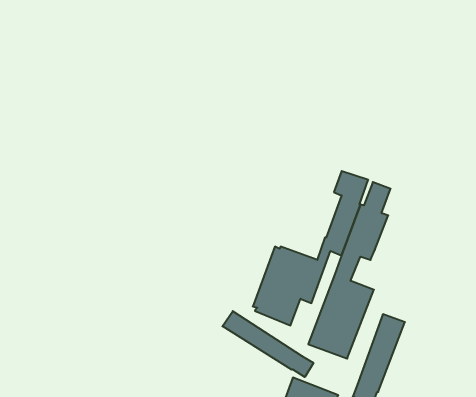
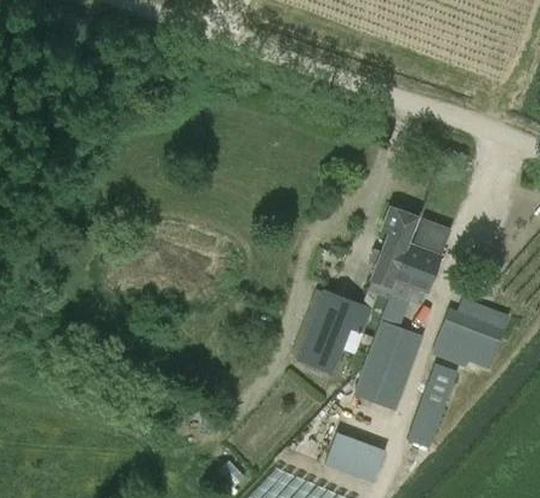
building: none -> [431,296,510,373]
building: [222,311,313,377] -> none

